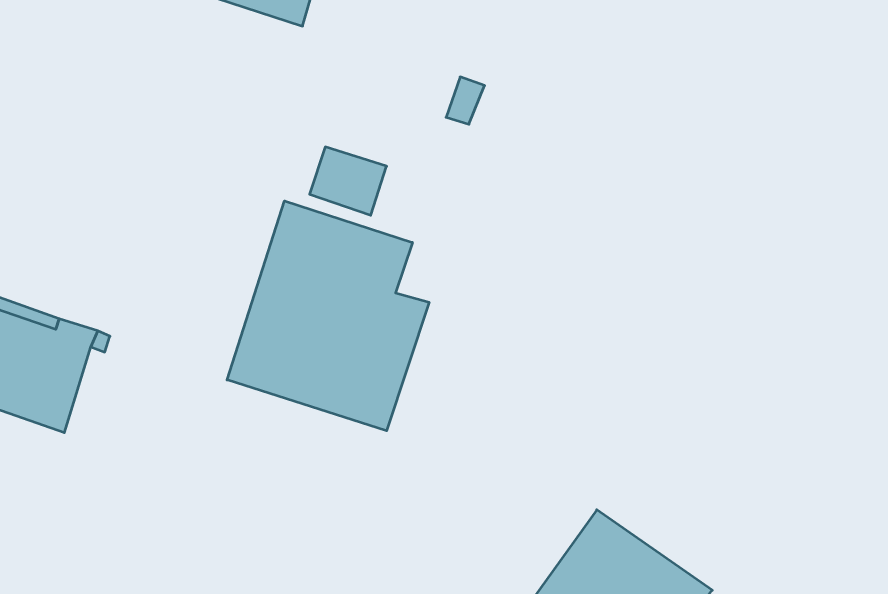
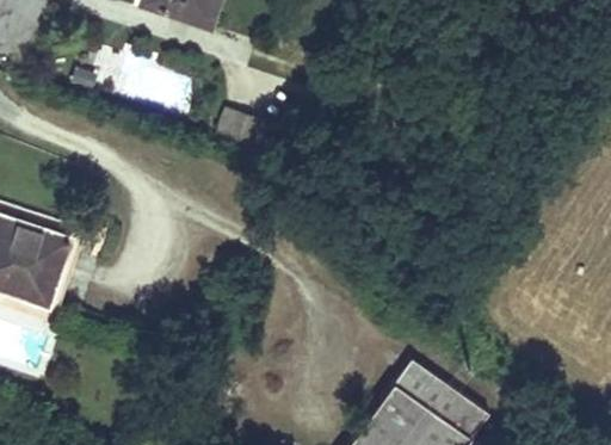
building: [227,201,429,431] -> none

